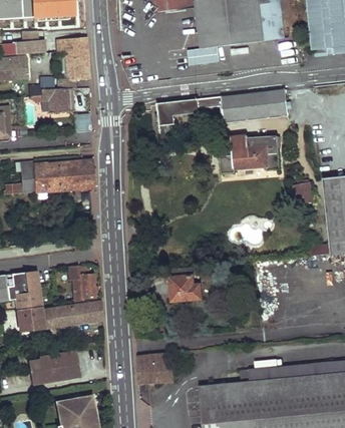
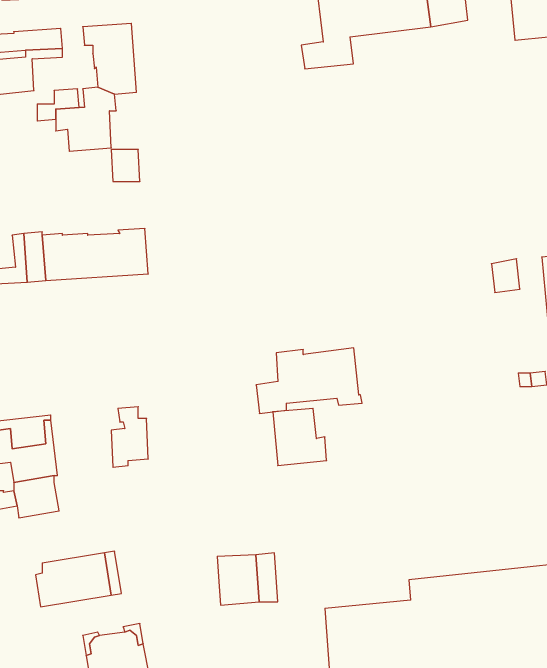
building: [156,89,286,126] -> none
building: [218,136,281,175] -> [256,348,362,413]
building: [37,302,100,329] -> none

